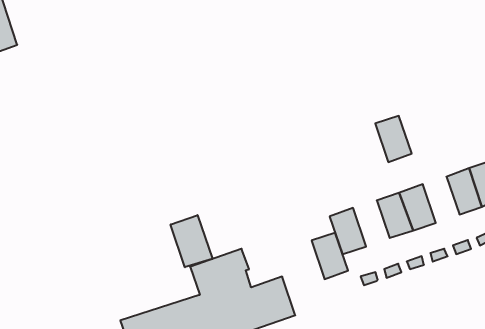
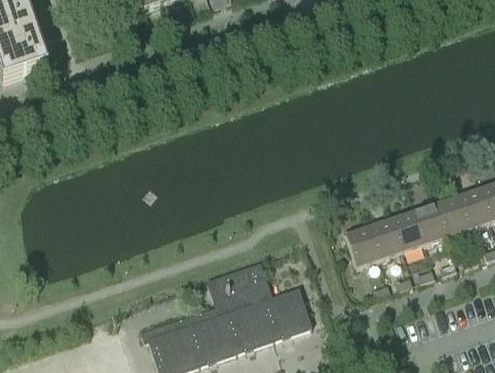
building: [375,116,412,162] -> [434,195,468,239]
building: [171,215,213,267] -> none
building: [312,233,348,279] -> [367,217,402,261]

